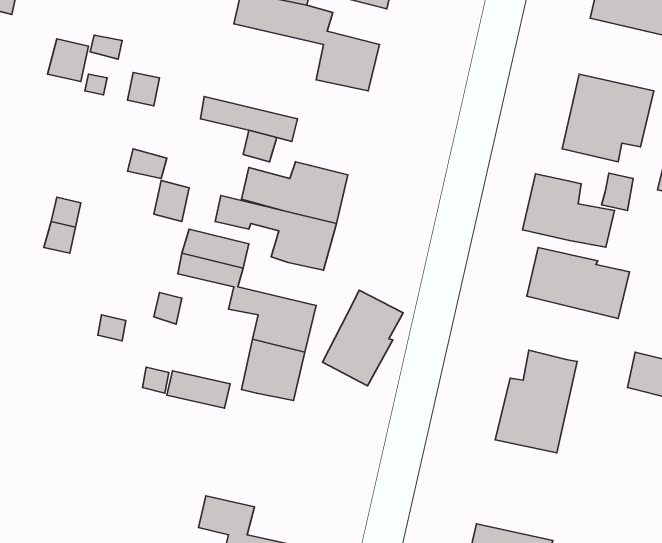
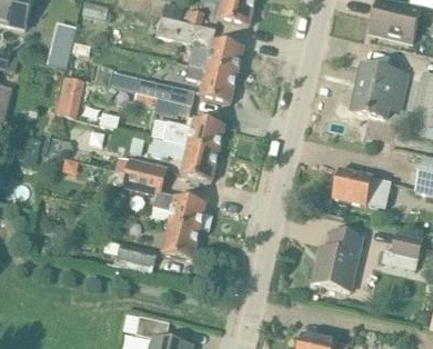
building: none -> [185,63,236,103]
building: none -> [56,76,84,118]
building: [523,174,614,247] -> none
building: [322,290,403,386] -> none

